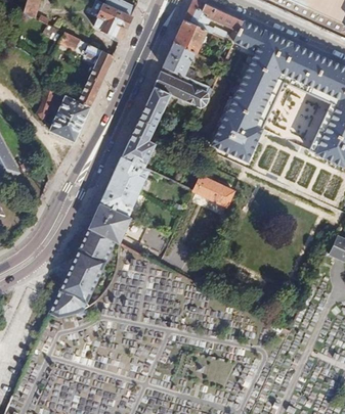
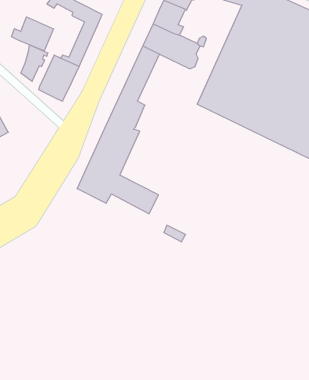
building: none -> [12,17,54,51]
building: [195,173,241,204] -> none
building: [44,226,113,318] -> none

